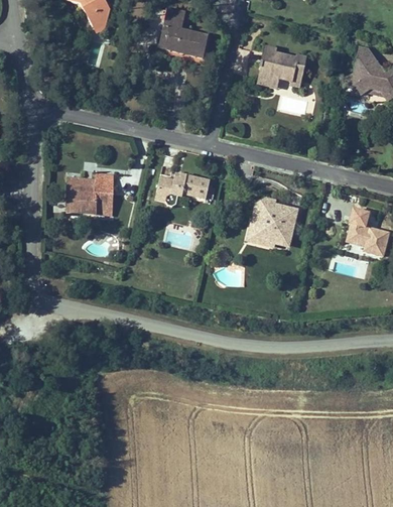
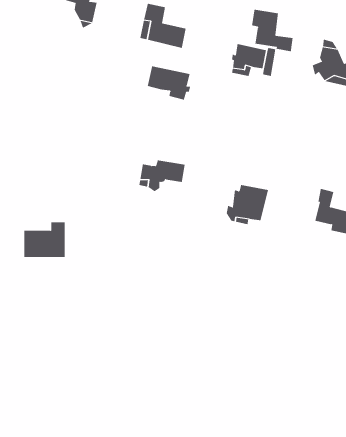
building: none -> [251,9,293,52]
building: none -> [147,66,191,101]
building: [66,172,111,211] -> [24,222,66,257]

